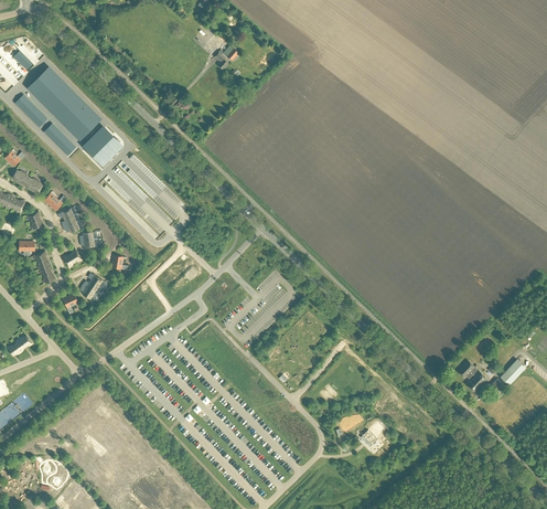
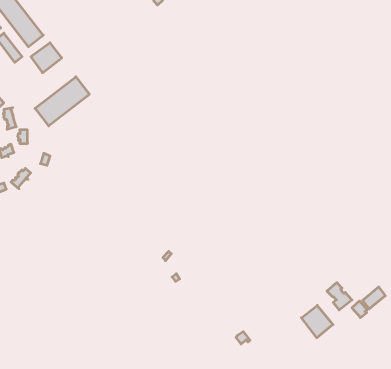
building: none -> [35,77,89,126]
building: none -> [301,305,333,338]

